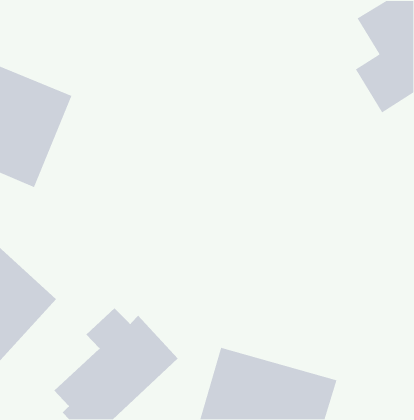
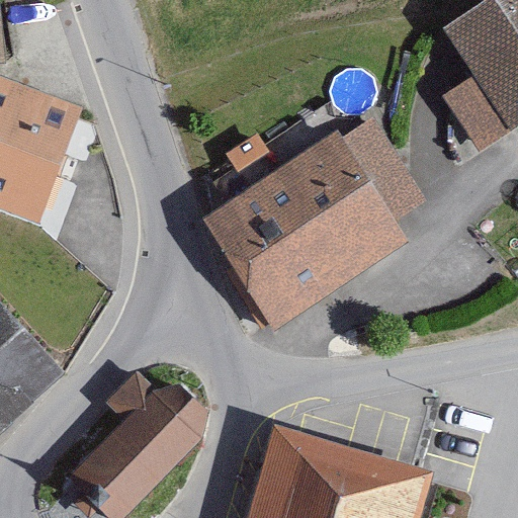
building: none -> [211,122,430,309]

